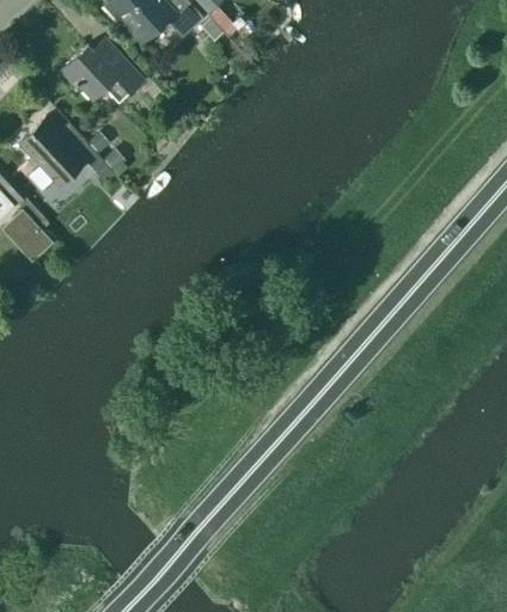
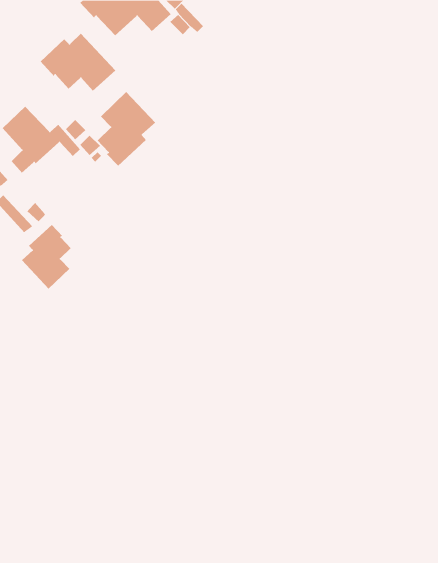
building: none -> [97,91,156,167]
building: none -> [21,224,72,290]

